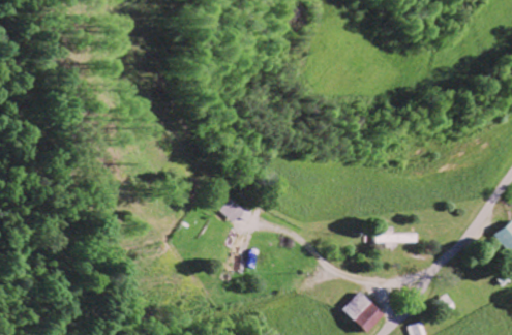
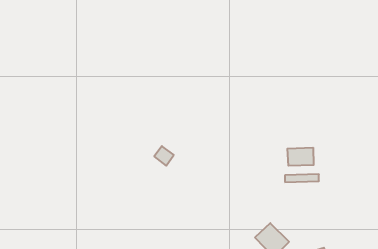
building: none -> [287,148,314,166]

